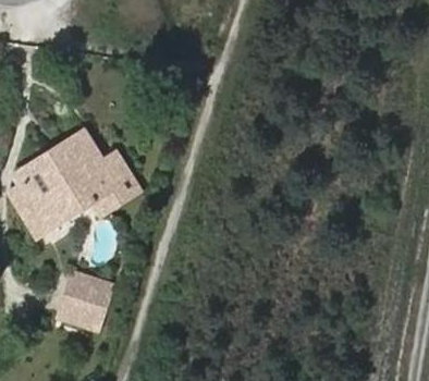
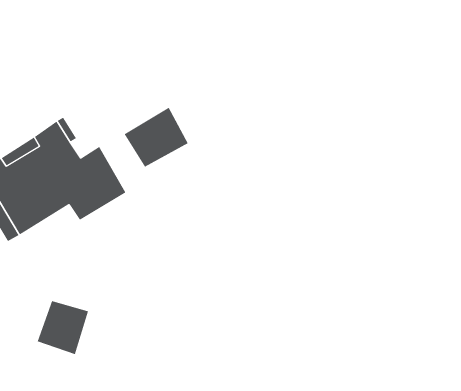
building: none -> [124,107,188,168]

